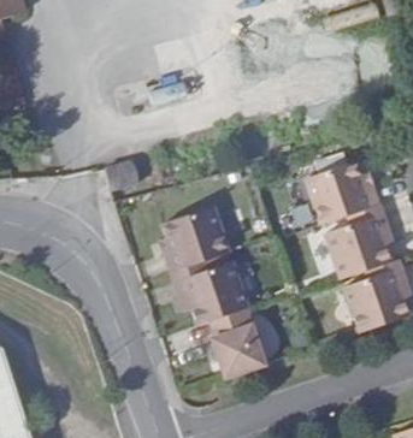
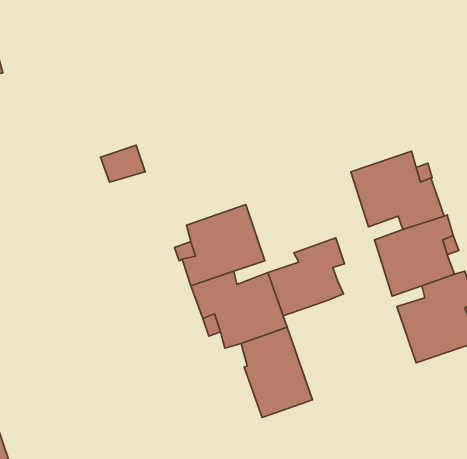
building: none -> [268,238,344,316]

